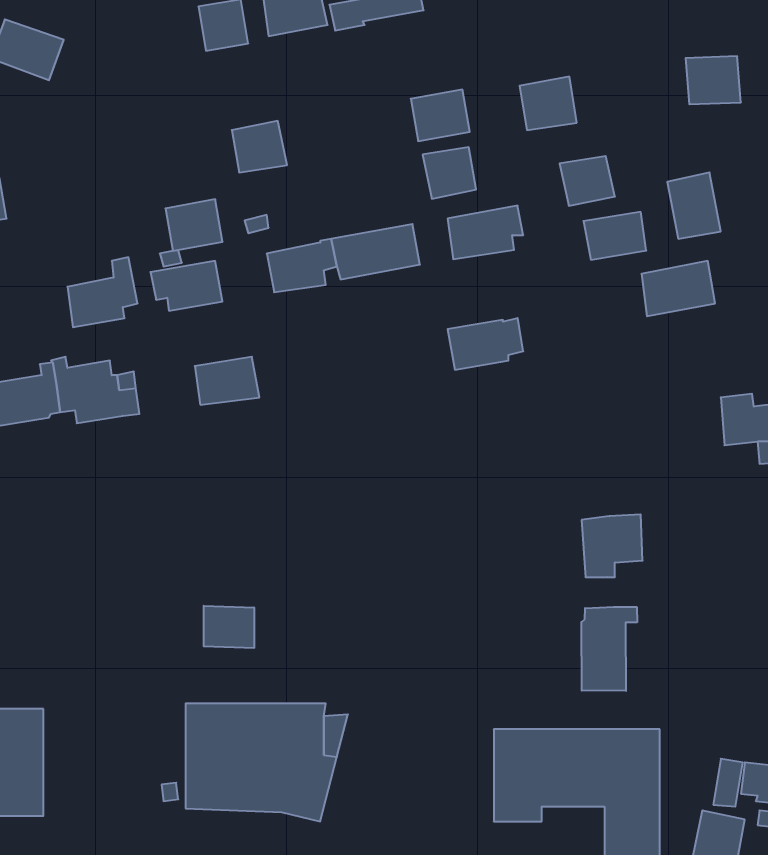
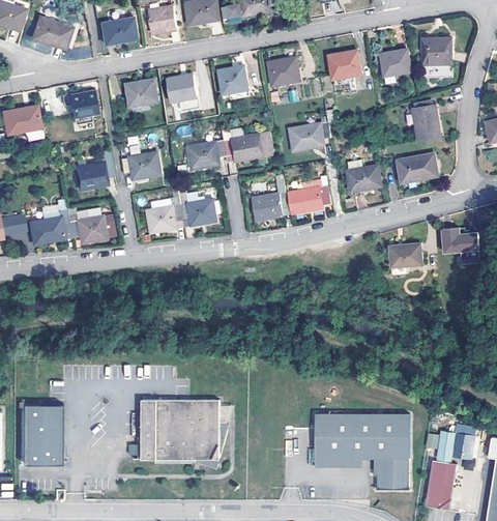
building: none -> [100,17,137,45]
building: [423,147,476,199] -> [218,65,248,94]
building: none -> [69,90,97,117]
building: [560,156,615,206] -> [379,49,410,77]
building: [165,199,223,251] -> [126,79,158,108]
building: [583,212,646,260] -> [346,165,381,192]
building: none -> [252,174,289,221]
building: none -> [175,184,216,229]
building: [582,514,643,577] -> [388,242,422,278]
building: [204,606,254,648] -> none
building: [581,607,637,691] -> none

